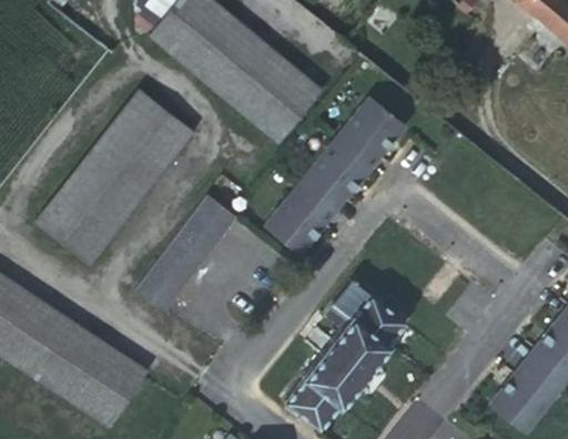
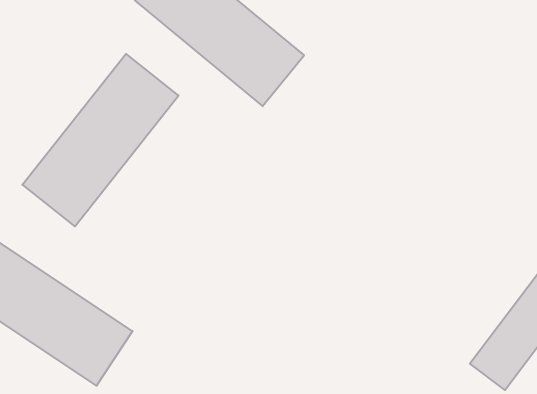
building: [265,101,403,256] -> none
building: [132,200,233,315] -> none
building: [284,283,407,430] -> none

